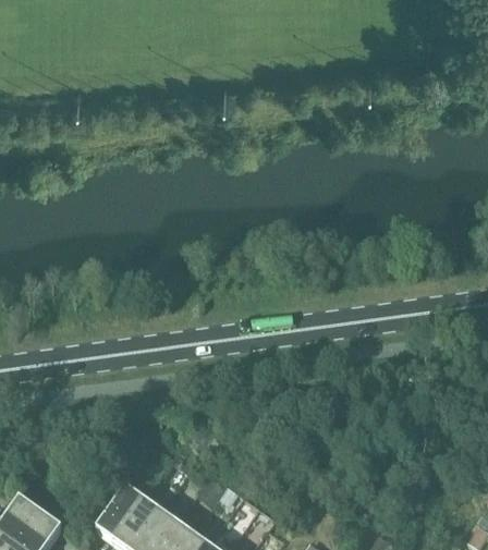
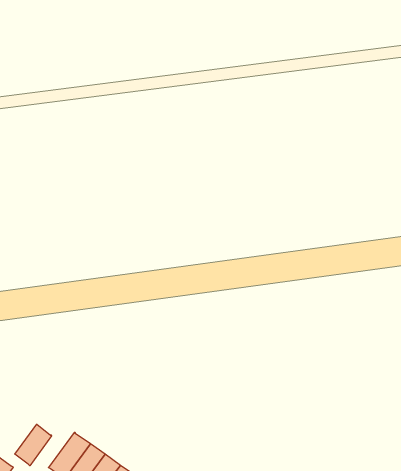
building: none -> [15,424,52,466]

